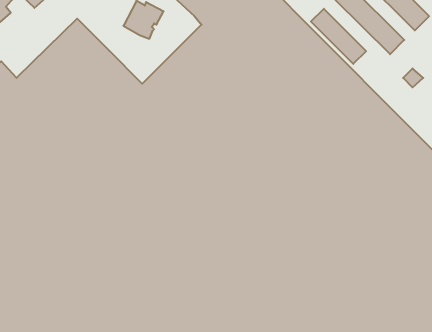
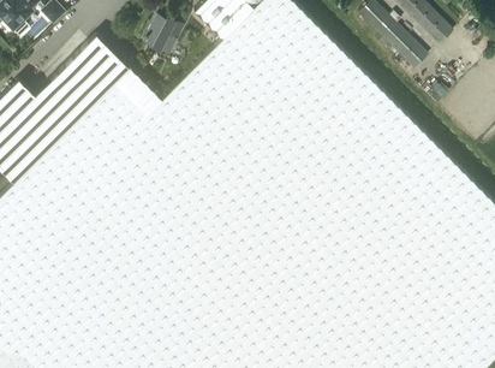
building: [311,9,366,64] -> none

